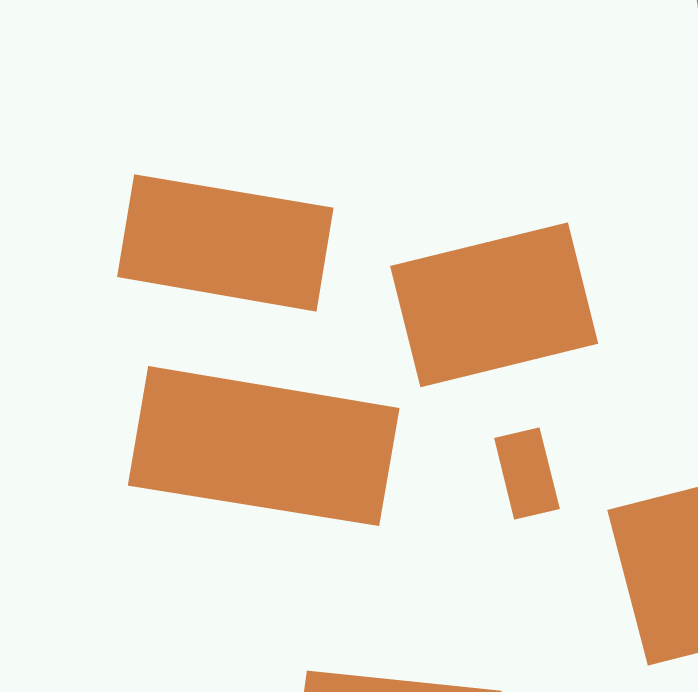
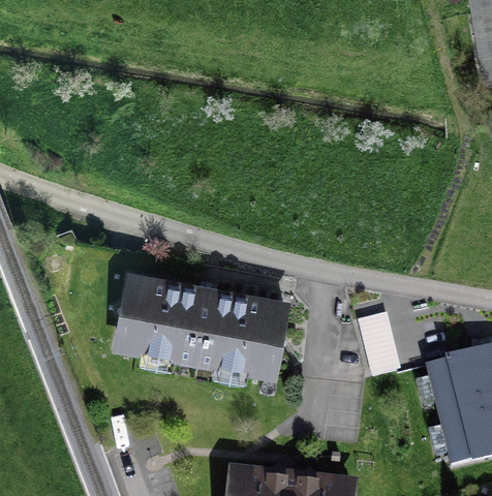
building: [116,173,335,313] -> none
building: [389,222,599,388] -> none

